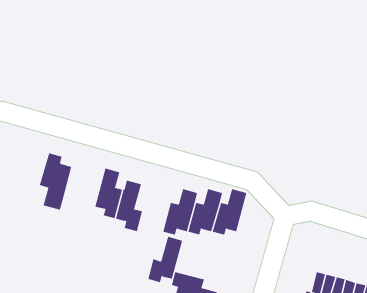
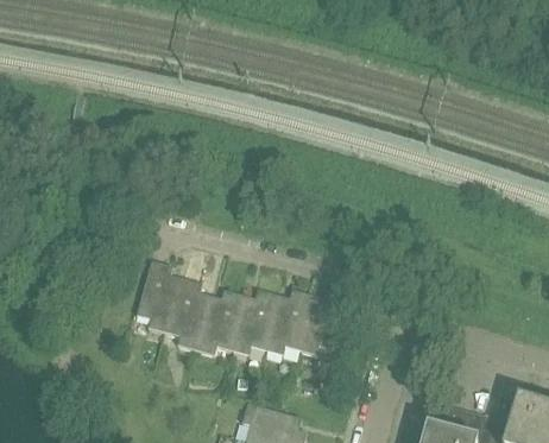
building: [39,153,72,211] -> none
building: [148,236,183,283] -> [194,289,242,353]

